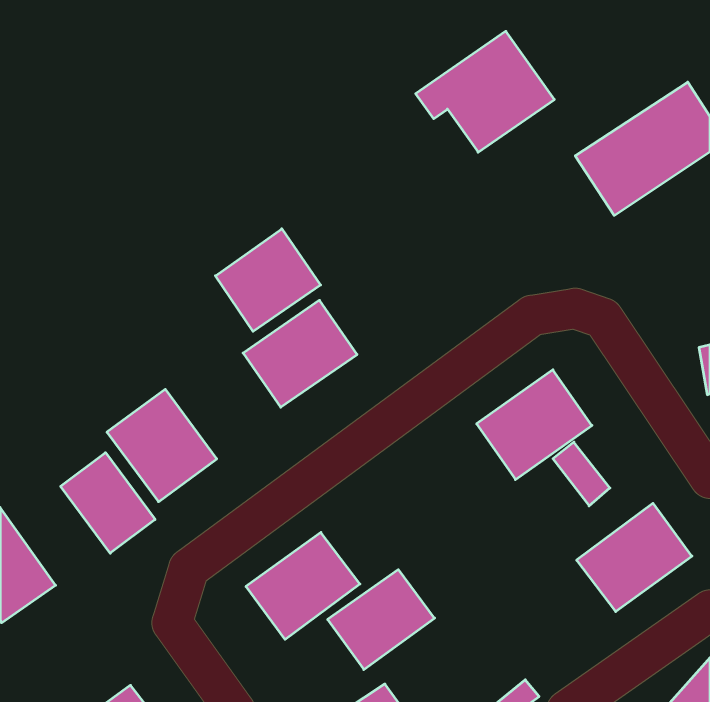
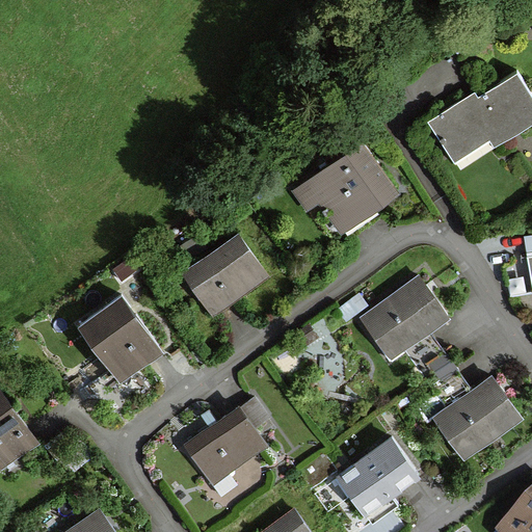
building: [416,31,554,152] -> [294,144,398,235]
building: [215,229,321,331] -> none
building: [61,453,155,553] -> none
building: [328,570,435,670] -> [340,440,420,514]

